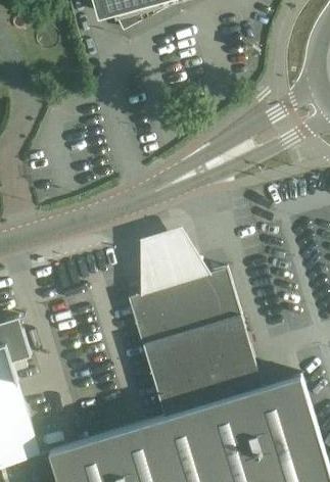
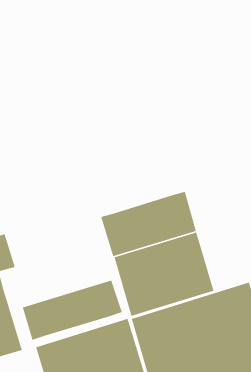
building: [142,224,210,292] -> none
building: none -> [22,279,123,341]

